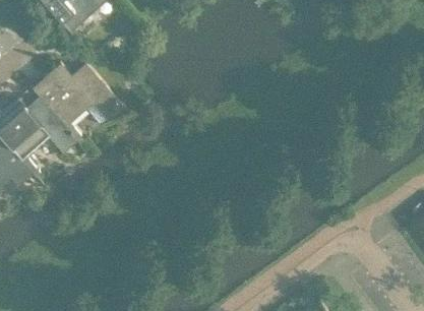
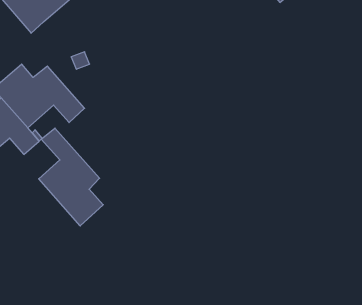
building: none -> [39,128,103,226]

